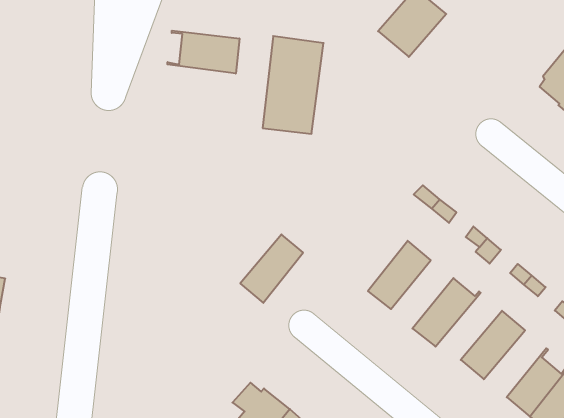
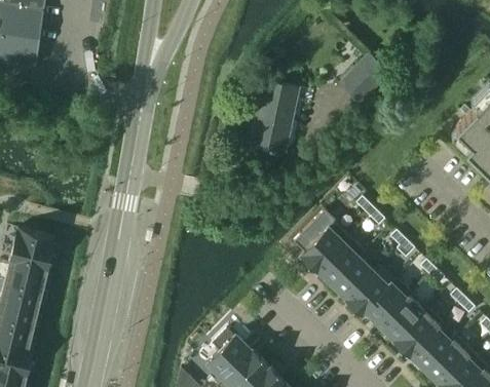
building: [167,31,239,74] -> none
building: [240,234,303,303] -> [300,222,347,270]
building: none -> [331,251,378,300]
building: none -> [361,278,411,325]
building: none -> [393,308,441,355]

